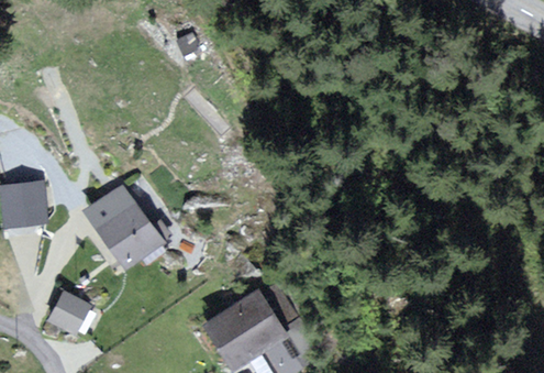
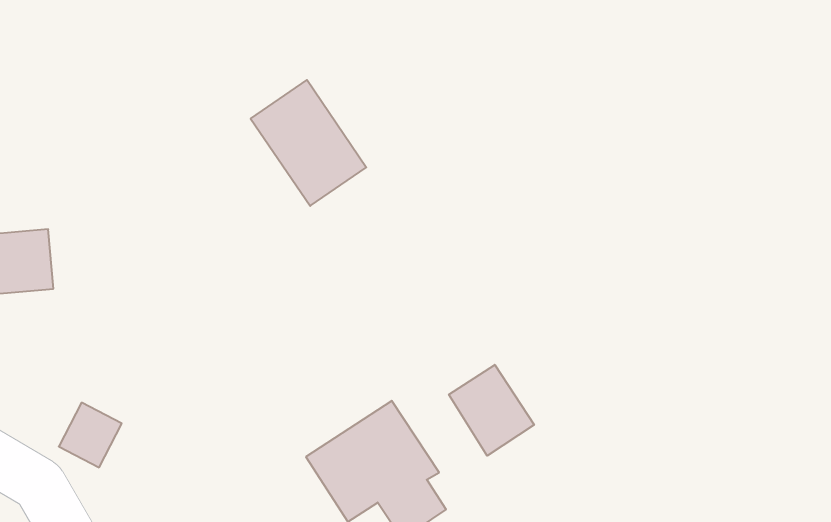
building: [88,186,160,265] -> [251,80,366,206]
building: none -> [449,365,534,456]

